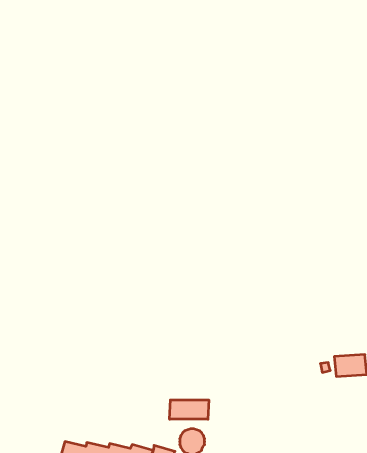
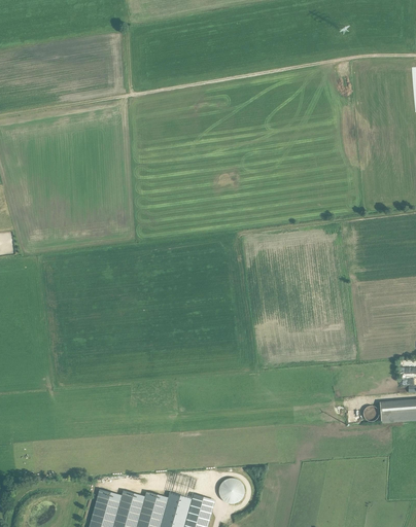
building: [170,400,209,419] -> none

